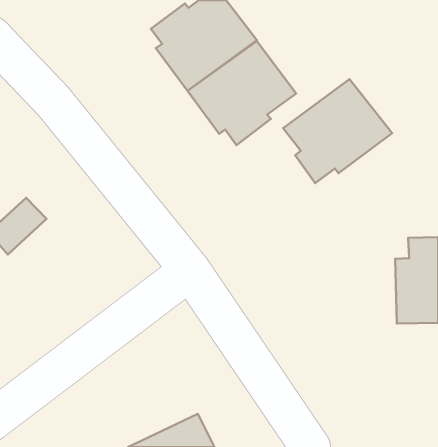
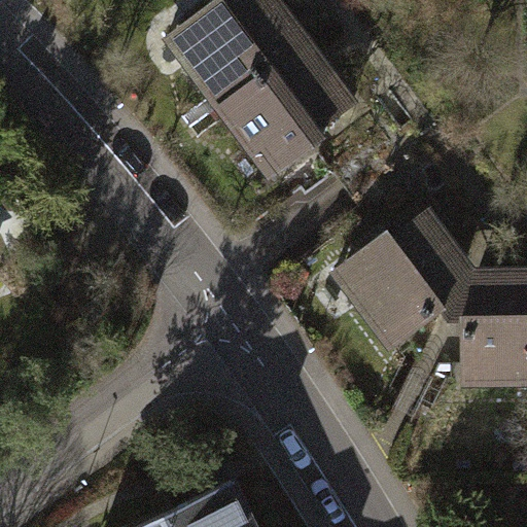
building: [283,79,392,183] -> none
building: none -> [343,223,459,346]

